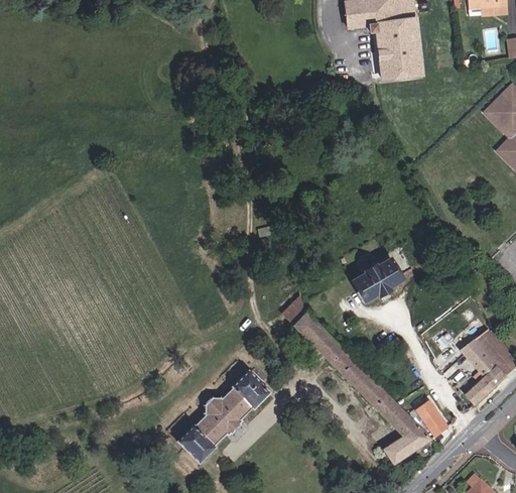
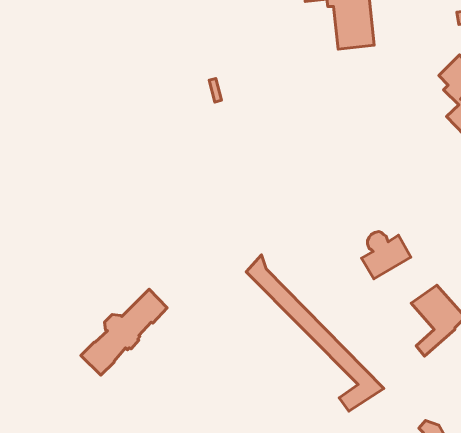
building: [351,253,403,303] -> [362,232,411,279]
building: [178,370,270,462] -> [81,289,167,375]
building: [414,399,448,438] -> none

